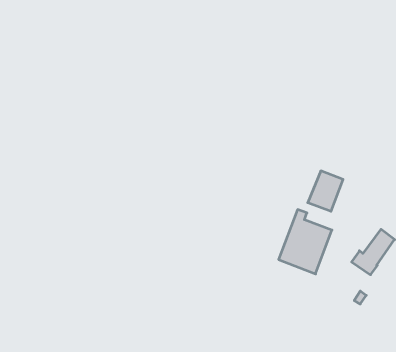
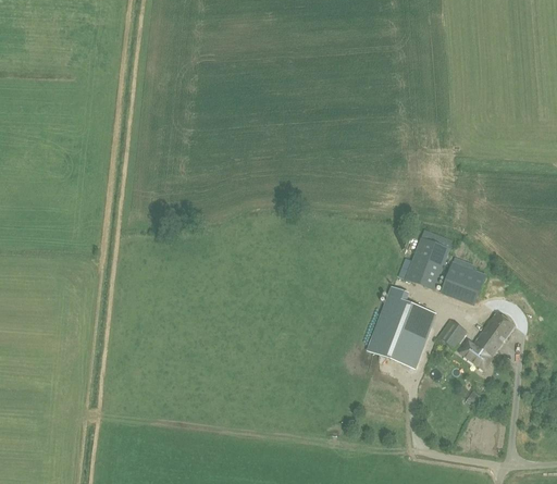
building: none -> [441,260,485,305]
building: none -> [437,320,467,347]

